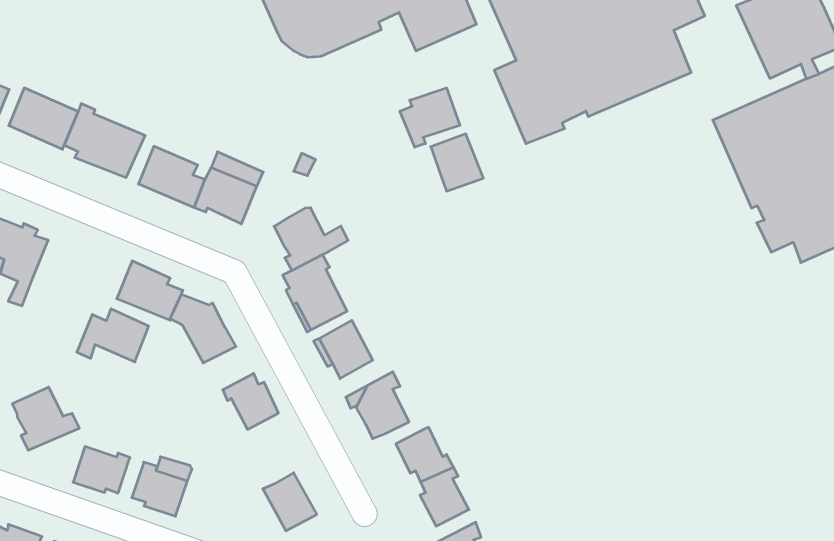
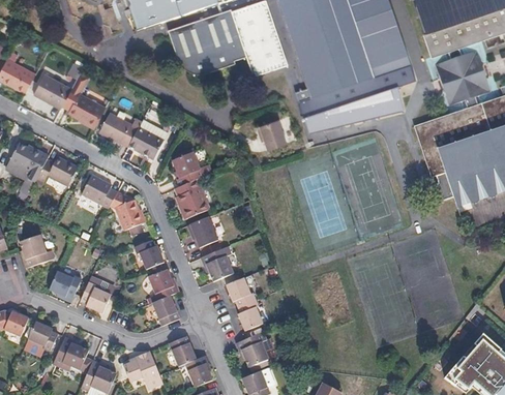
building: [400,88,460,147] -> none
building: [77,309,149,362] -> [37,155,78,185]
building: none -> [148,269,176,301]

